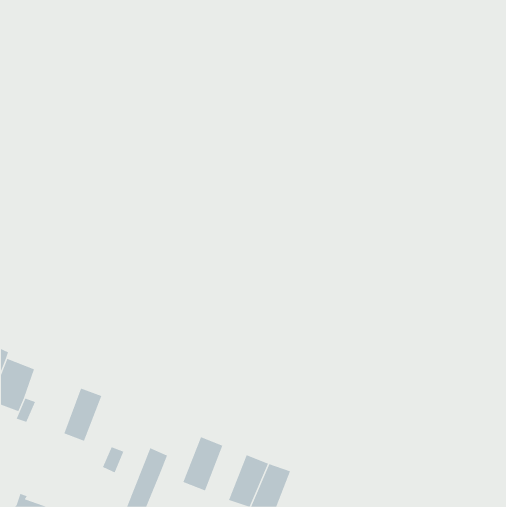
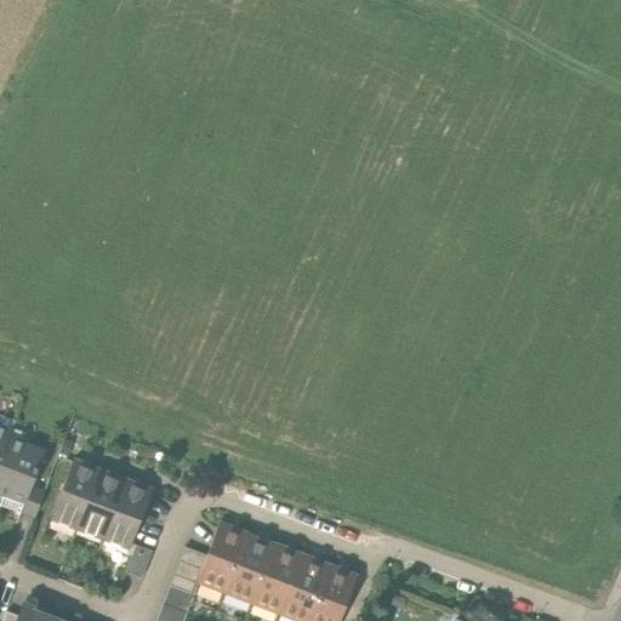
building: none -> [53,465,99,530]
building: none -> [104,484,152,549]
building: none -> [198,523,246,589]
building: none -> [252,545,302,611]

